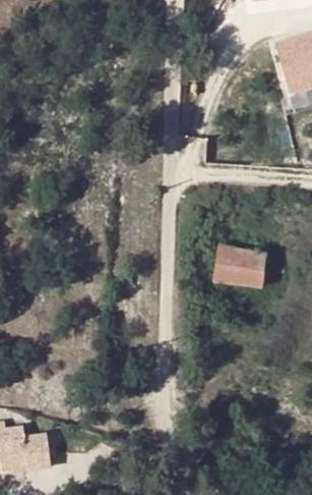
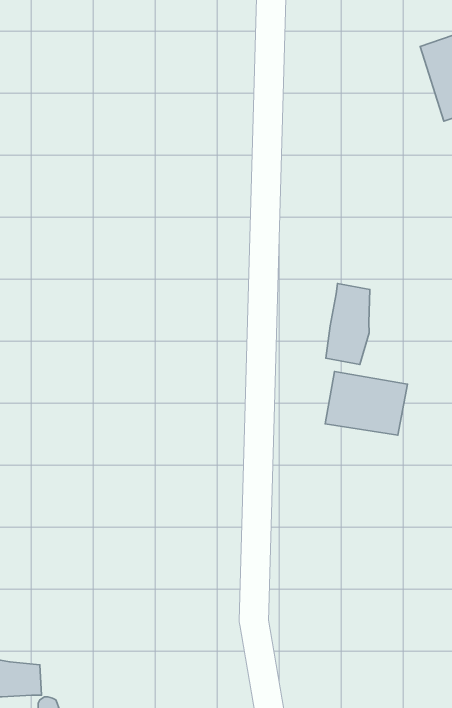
building: none -> [326,284,370,364]

